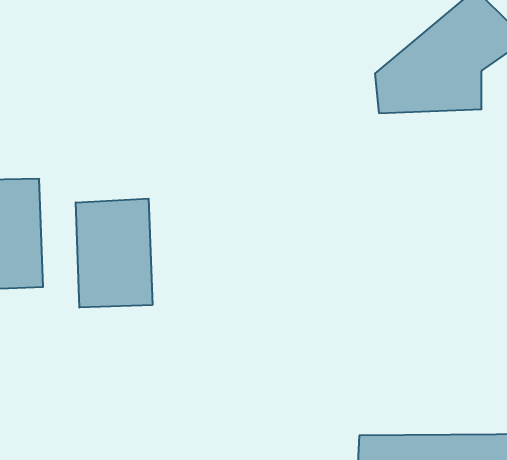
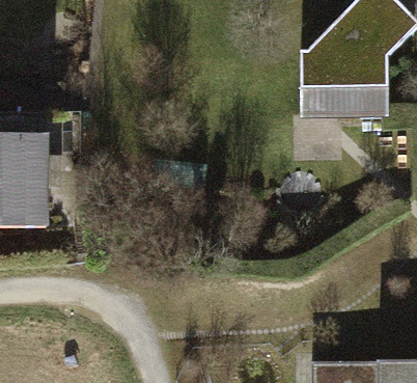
building: [76,199,152,308] -> none

